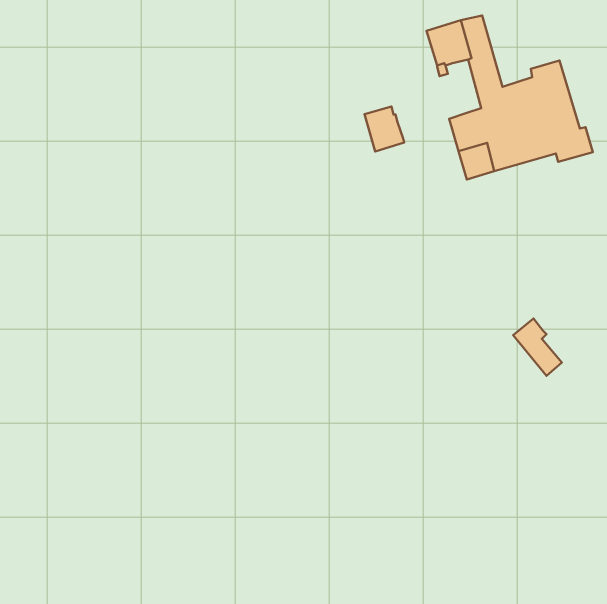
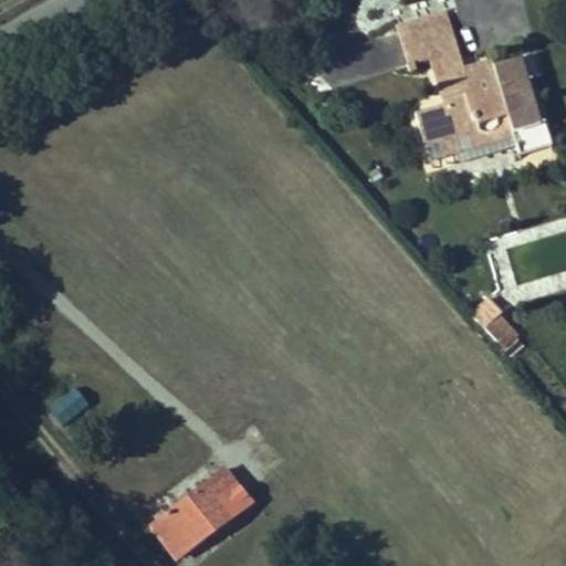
building: [365,107,404,152] -> none
building: none -> [150,465,249,555]

